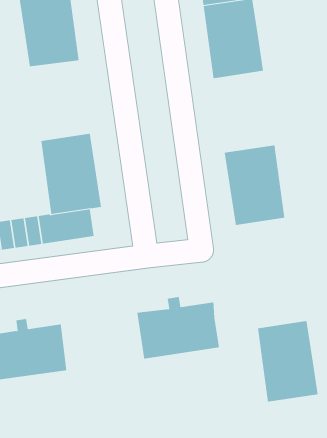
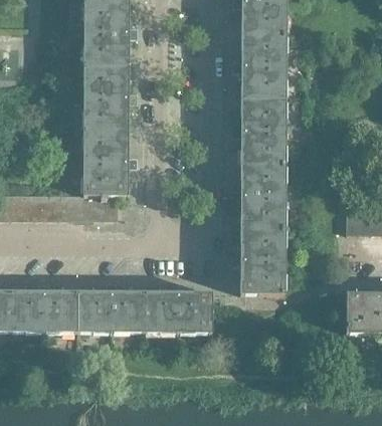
building: none -> [84,64,129,130]
building: none -> [241,98,286,164]
building: none -> [77,282,145,332]
building: [257,321,319,402] -> [240,228,285,293]

